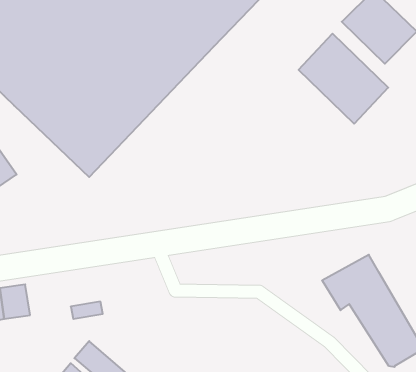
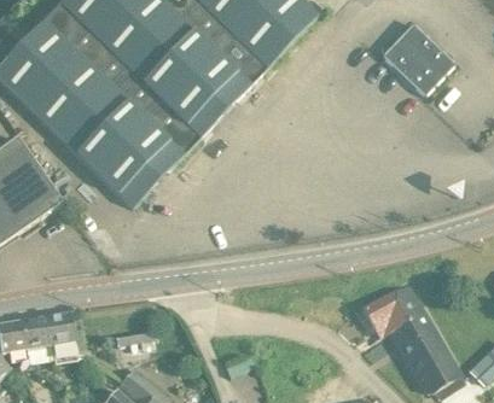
building: [299,34,388,124] -> none

